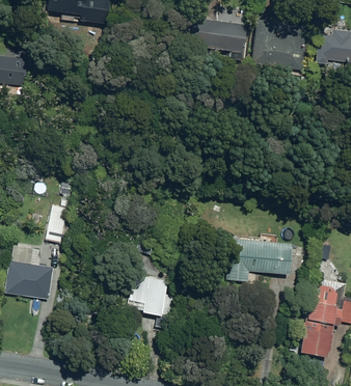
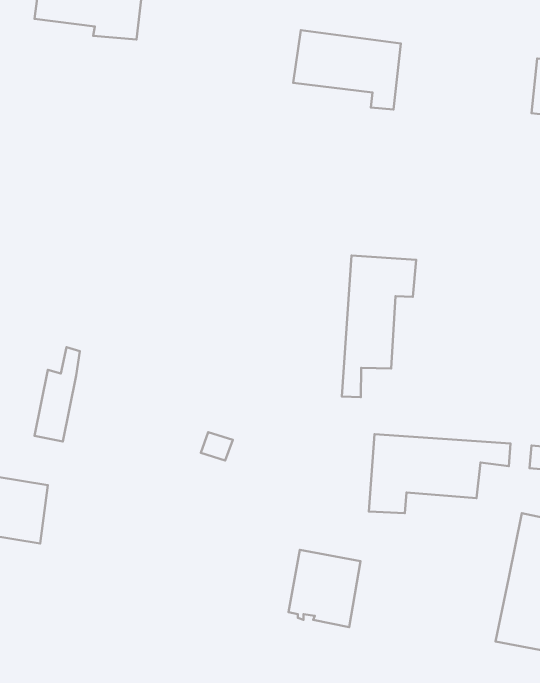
building: [251,20,308,72] -> none
building: none -> [342,256,416,397]
building: [128,275,167,318] -> [289,550,360,627]

